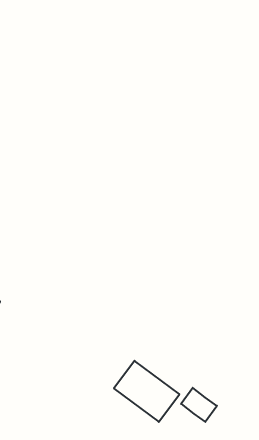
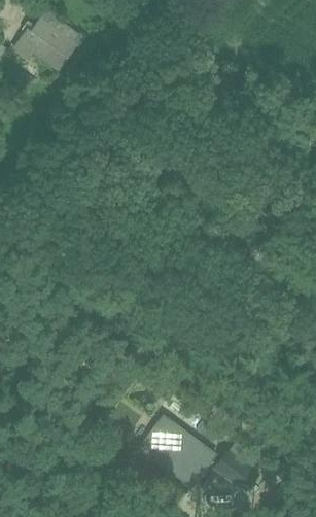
building: none -> [13,10,79,67]

